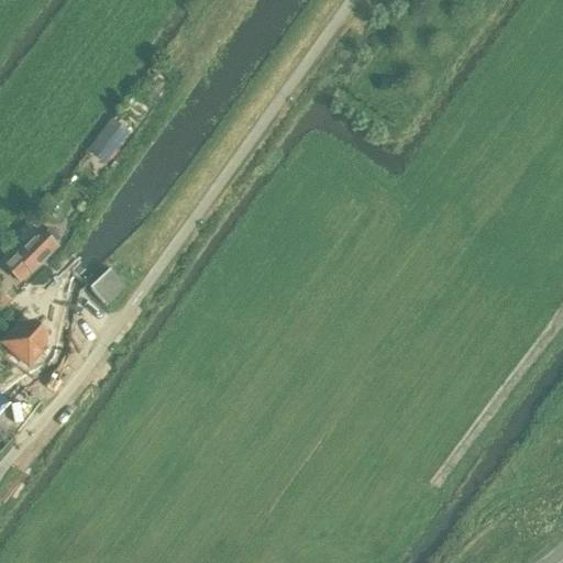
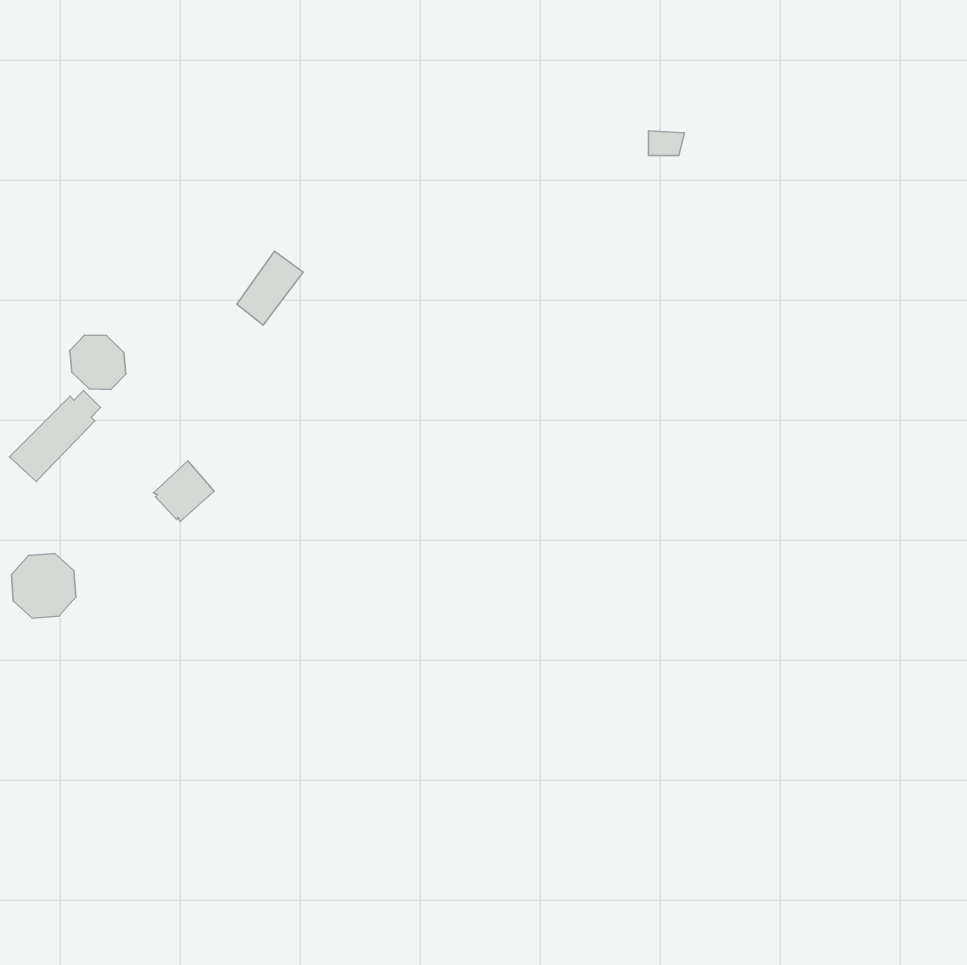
building: [90,119,129,162] -> [237,251,303,325]
building: none -> [70,335,126,389]

